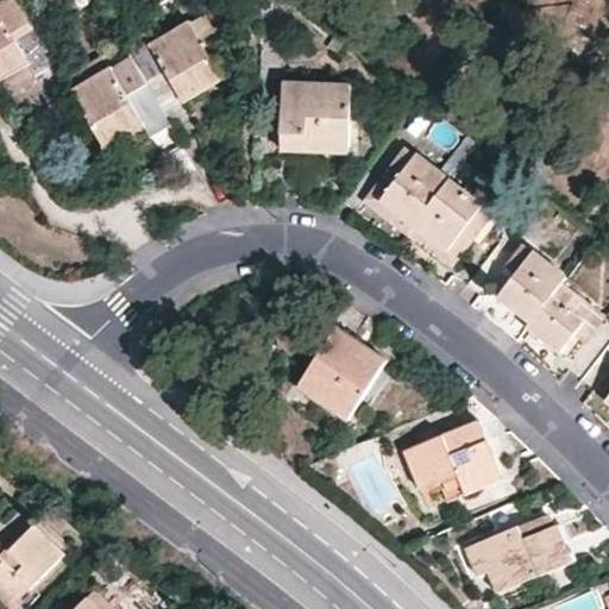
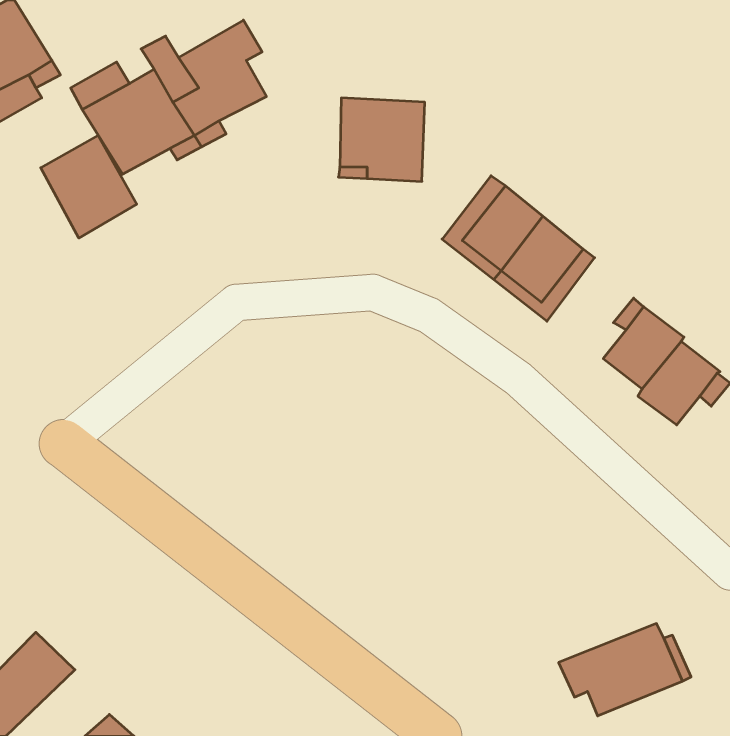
building: none -> [41,135,137,238]
building: [293,326,383,419] -> none
building: [401,425,489,501] -> none

